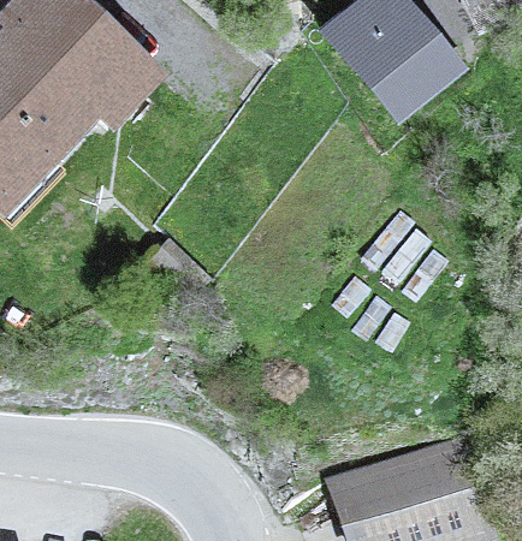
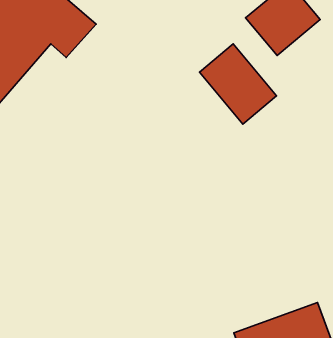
building: none -> [200,44,277,124]

